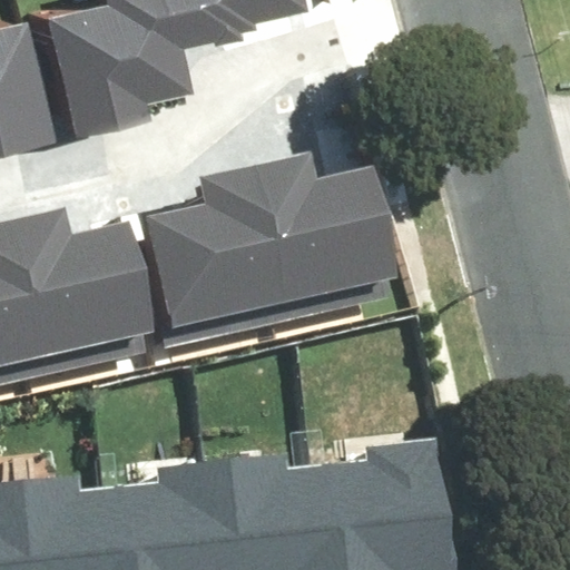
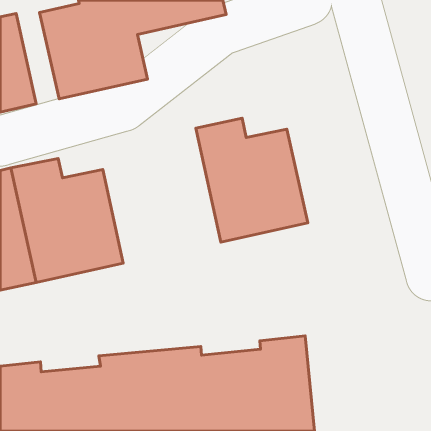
building: [147,169,292,345] -> none

